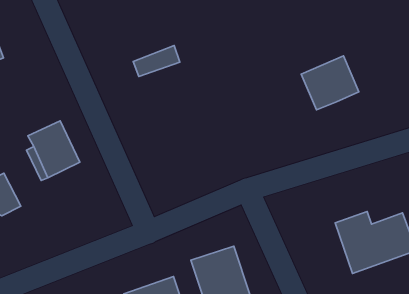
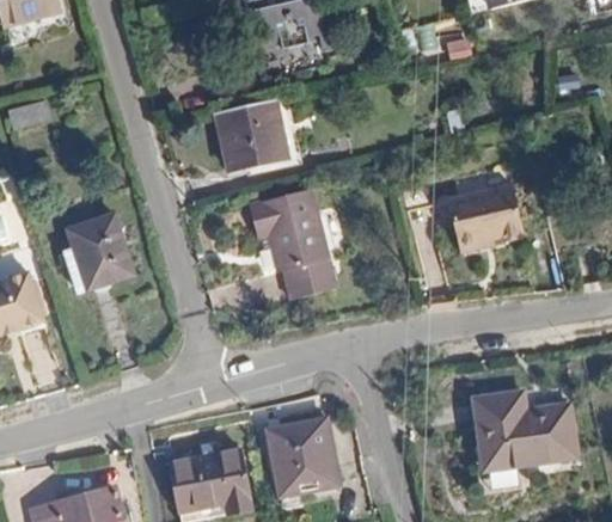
building: none -> [215,98,282,148]
building: none -> [246,184,335,295]

